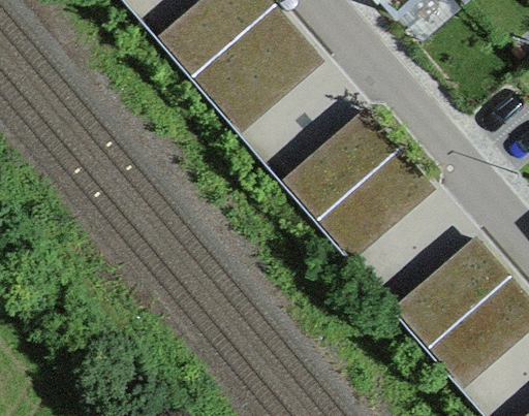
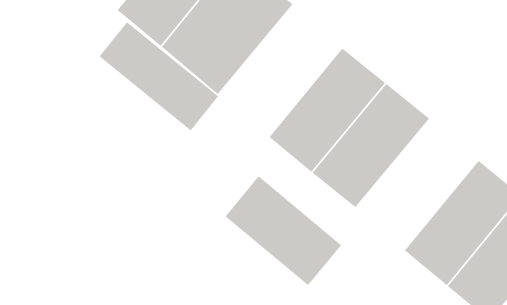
building: none -> [98,21,219,132]
building: none -> [225,175,342,286]

